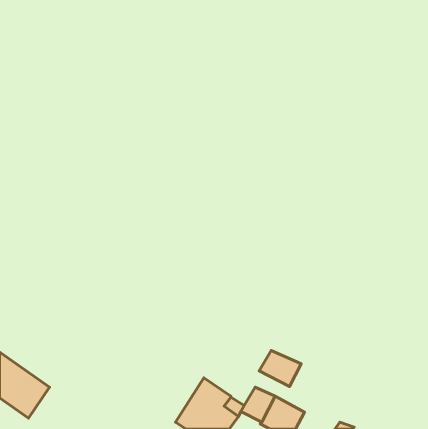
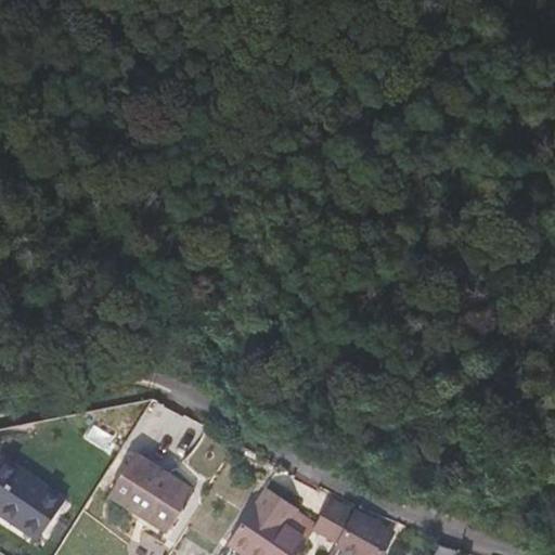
building: [259,350,301,387] -> none
building: none -> [106,453,193,533]

